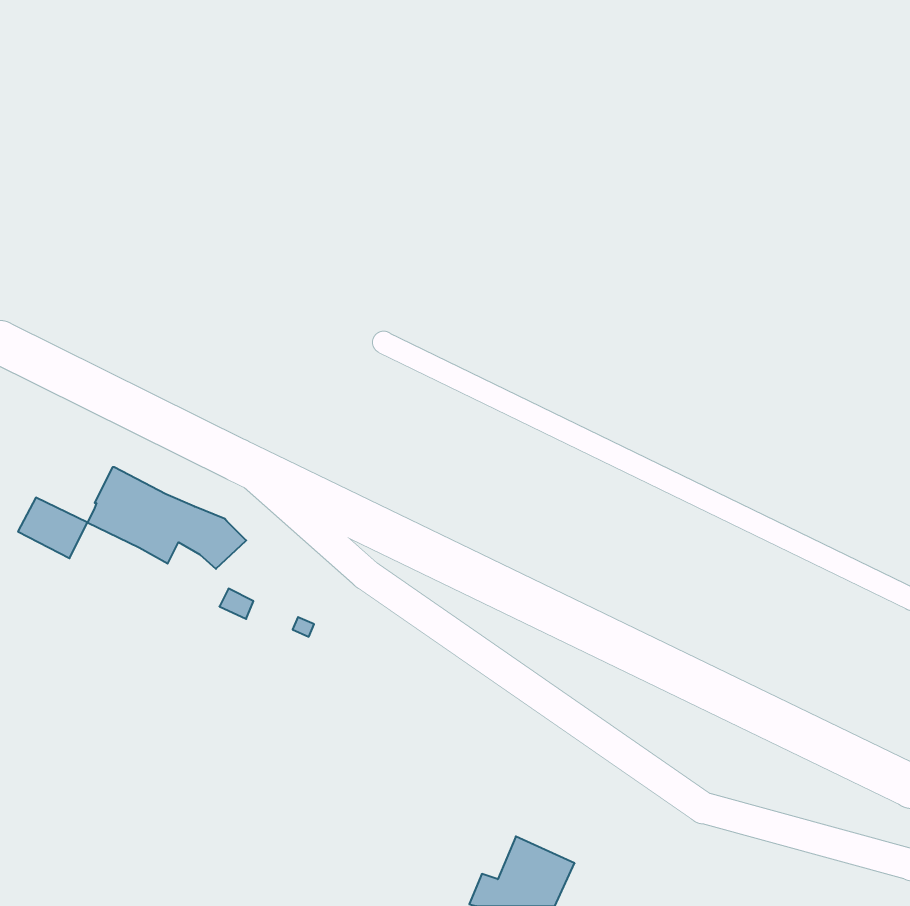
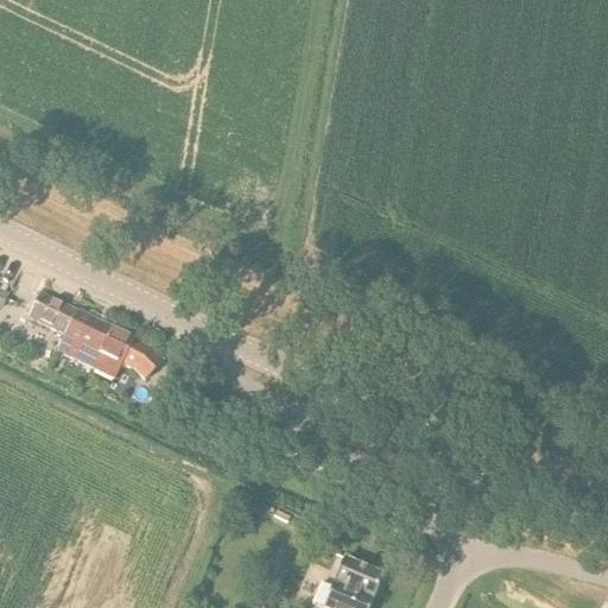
building: [18,498,87,558] -> [30,294,76,335]

